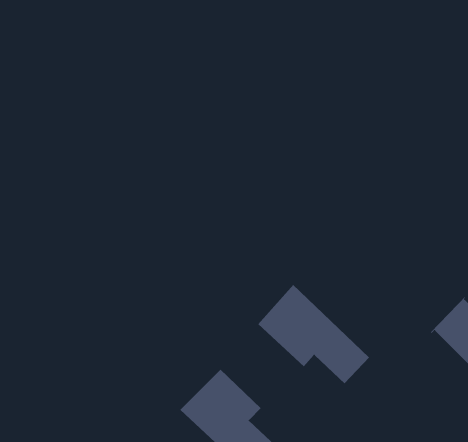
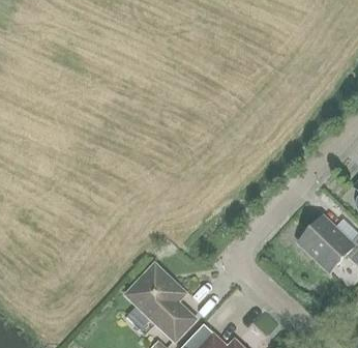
building: [258,284,370,384] -> none

